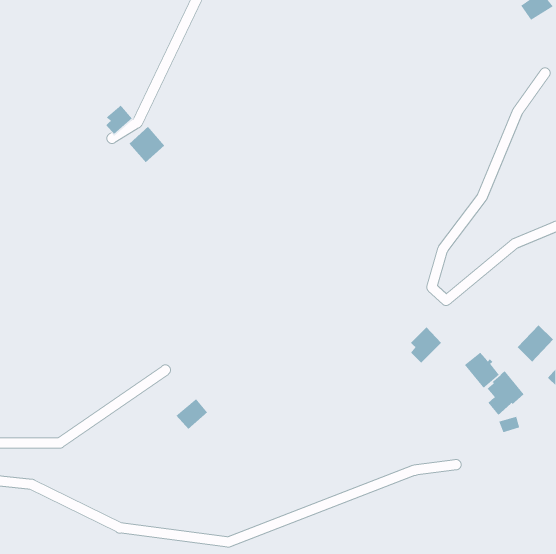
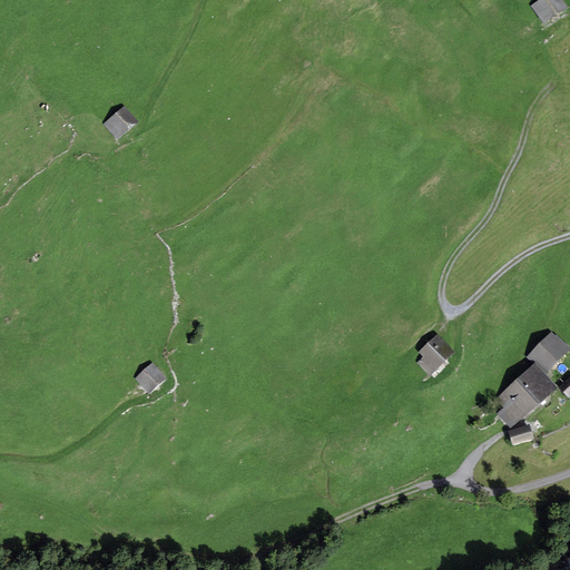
building: [128,126,165,163] -> none
building: [464,352,500,389] -> [517,365,553,403]
building: [175,398,208,430] -> [131,364,165,396]

